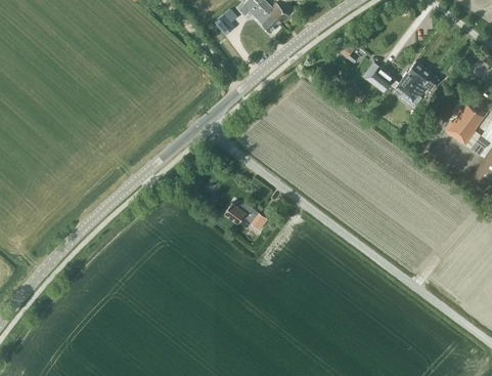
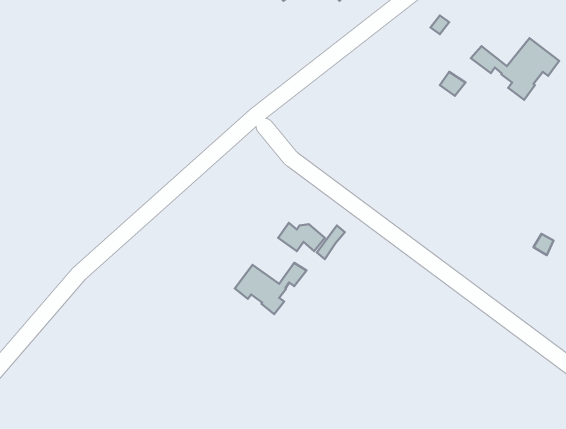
building: none -> [235,263,306,314]

